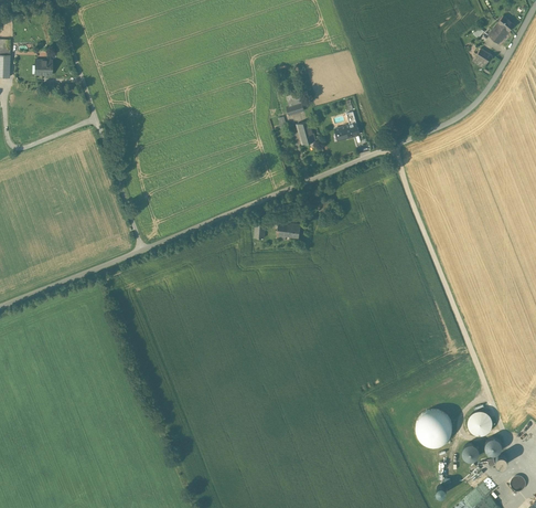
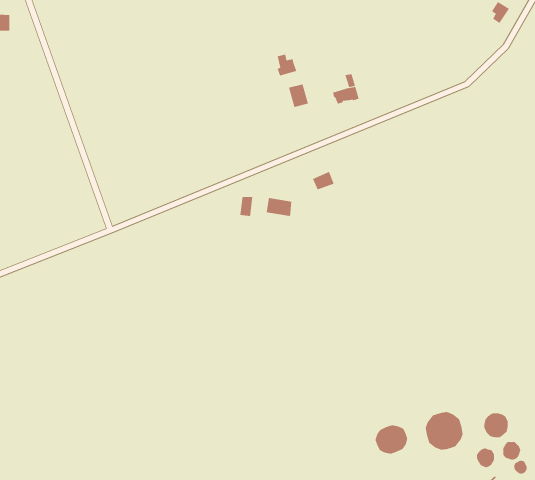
building: none -> [375,425,408,454]

